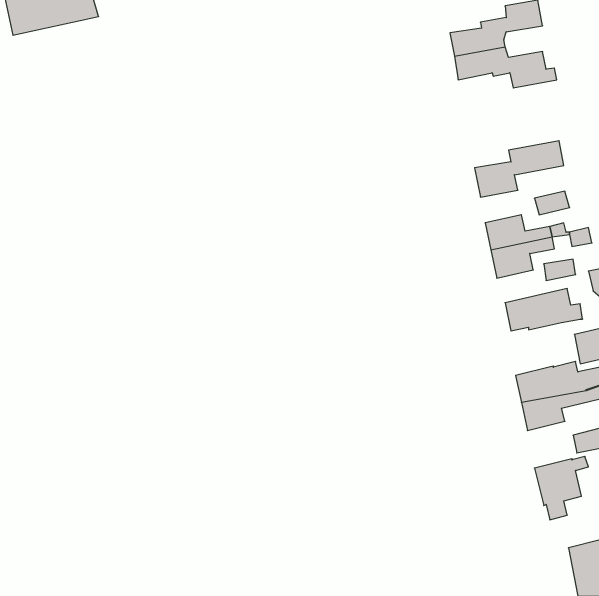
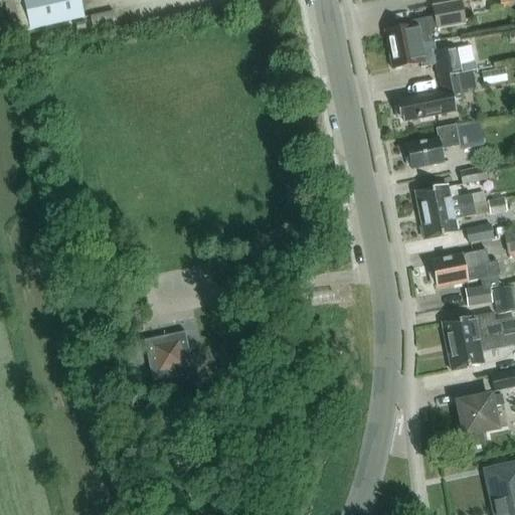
building: none -> [399,70,476,120]
building: none -> [467,274,499,305]
building: none -> [145,330,195,380]

